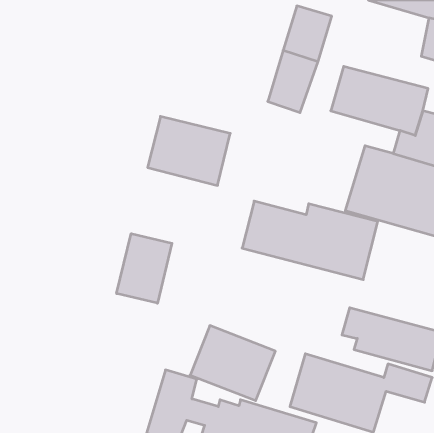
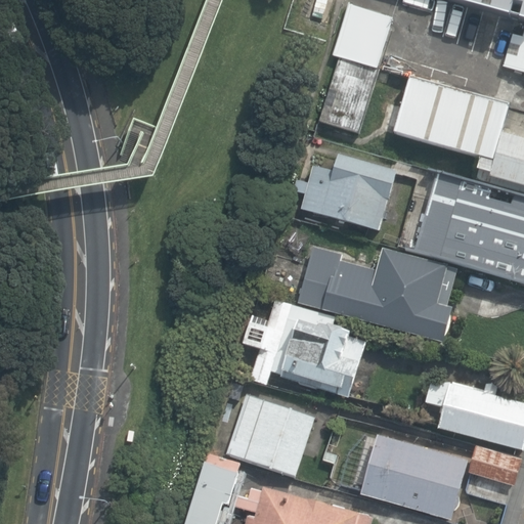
building: [148,116,230,185] -> [295,149,394,232]
building: [117,234,172,303] -> none
building: none -> [239,307,362,393]

